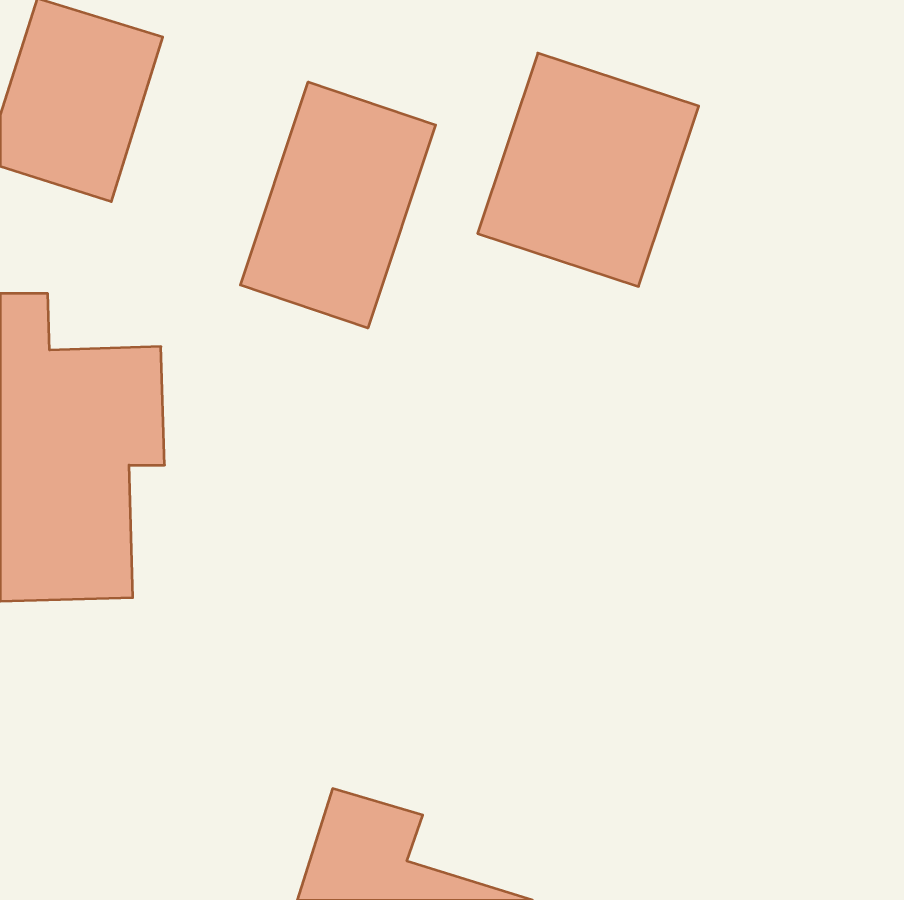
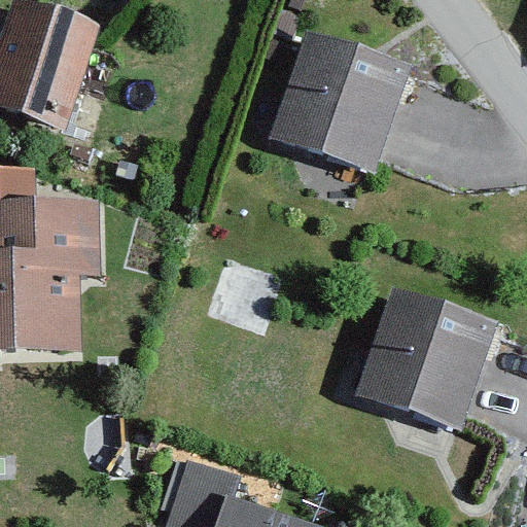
building: [240,82,436,328] -> none
building: none -> [360,288,493,432]

